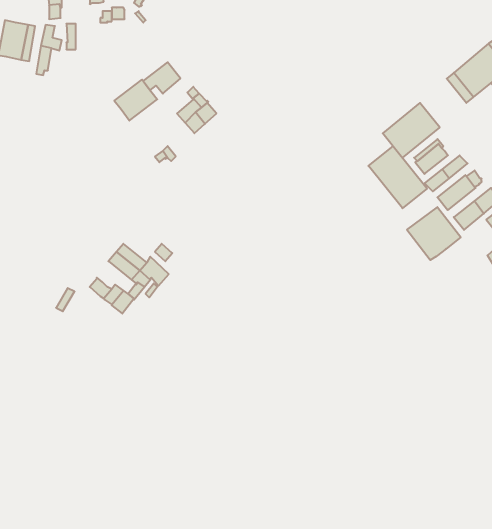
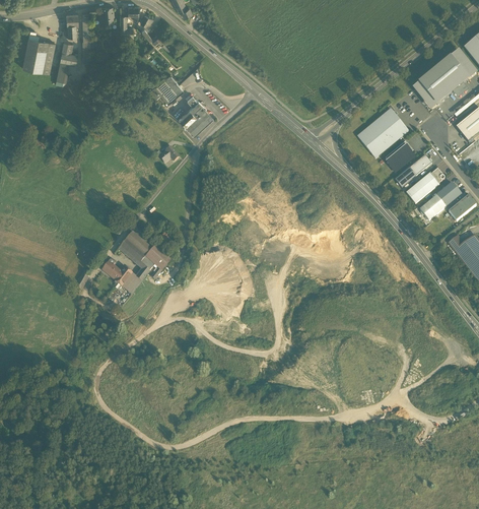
building: [114,80,157,121] -> none
building: [368,146,427,208] -> none
building: [407,207,461,260] -> none

